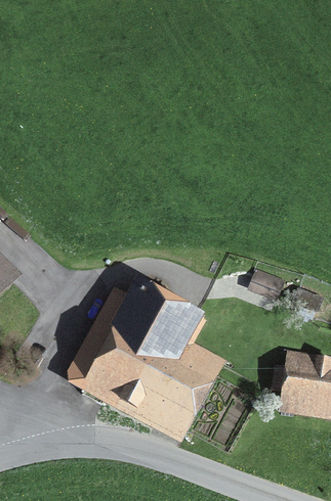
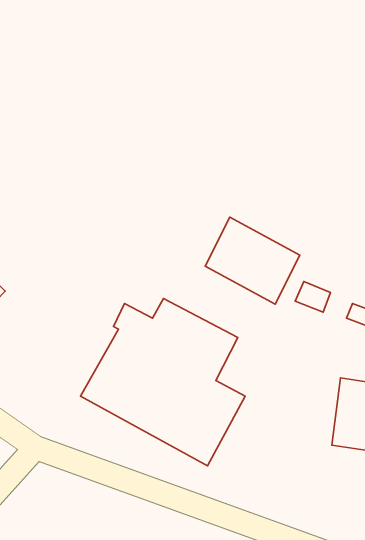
building: none -> [205,217,300,304]

